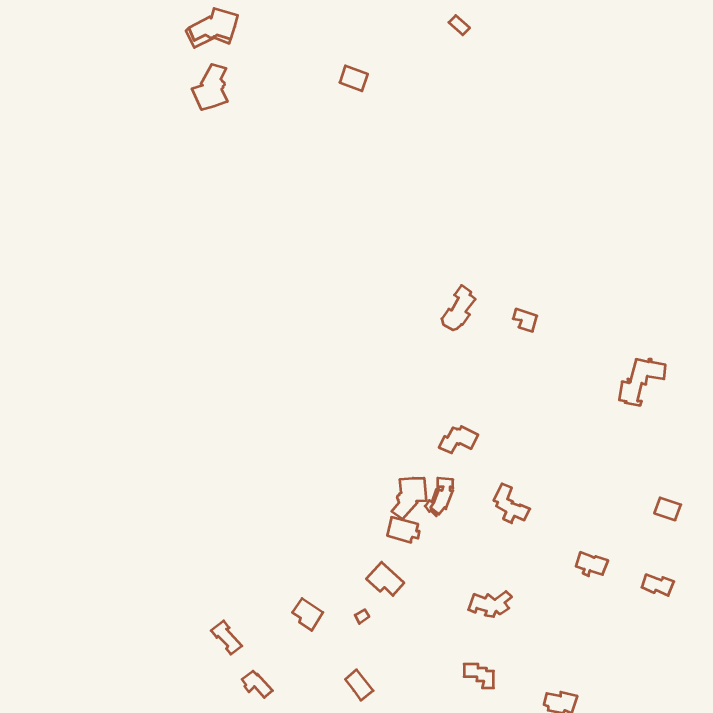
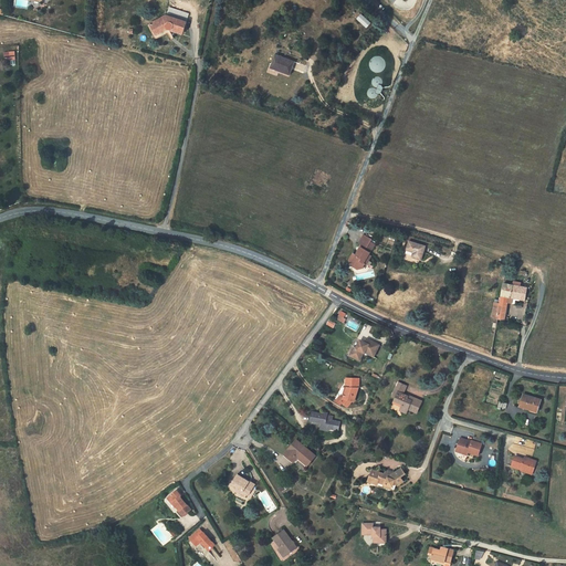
building: [192,64,227,110] -> none
building: [392,478,426,519] -> none

